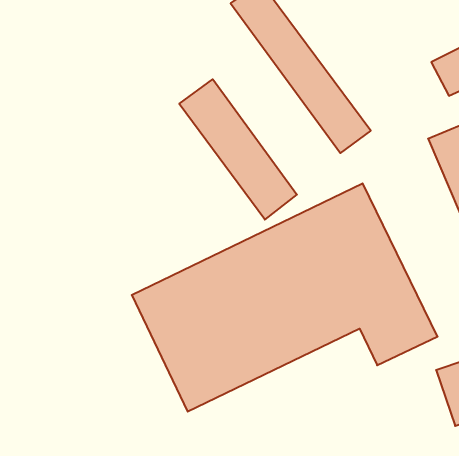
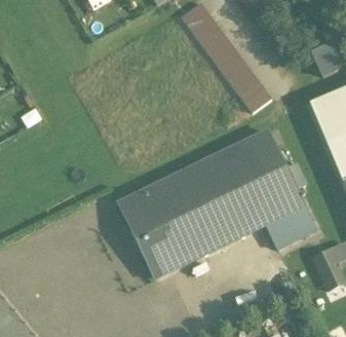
building: [179,79,297,220] -> none

